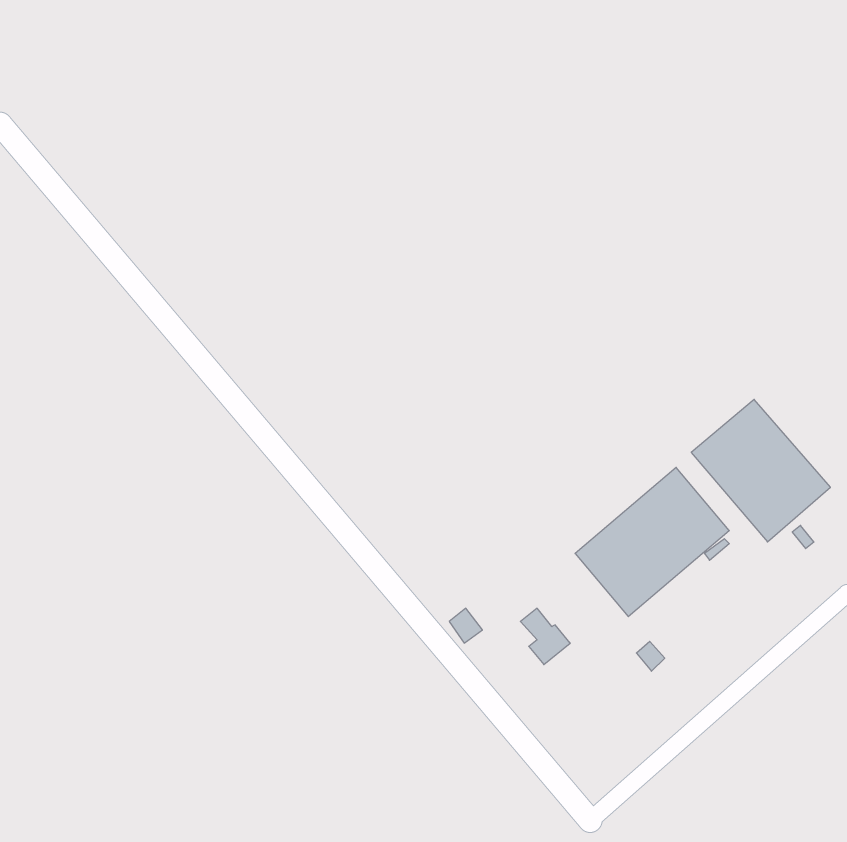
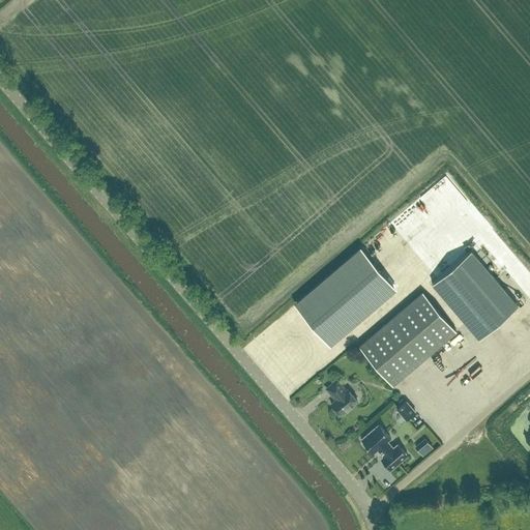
building: none -> [297,252,394,346]
building: none -> [362,426,408,472]

